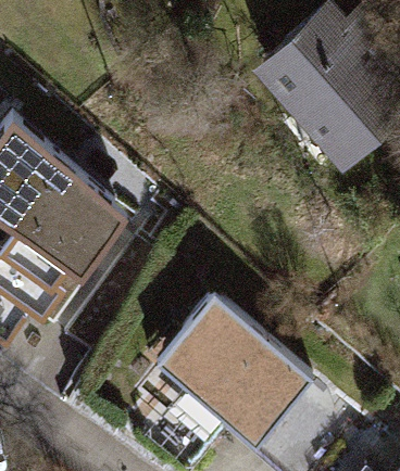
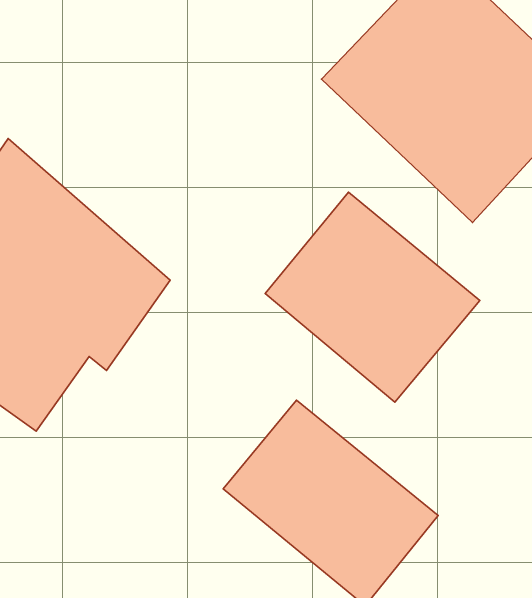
building: none -> [265,192,480,402]

